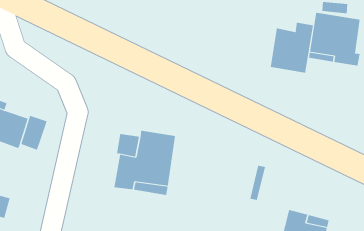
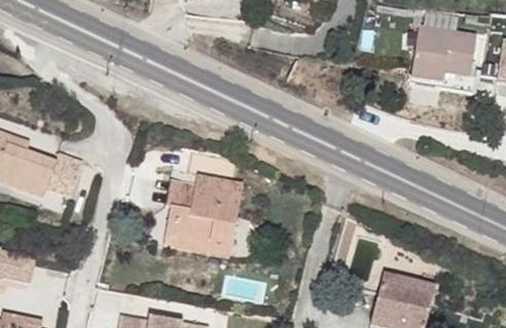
building: [270,22,314,73] -> none

